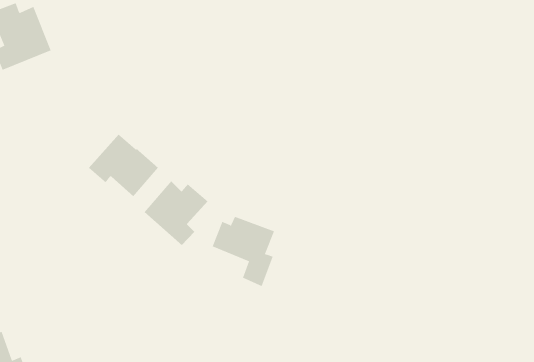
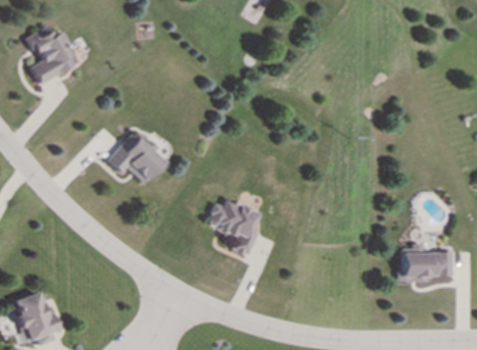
building: [144,181,208,246] -> none
building: none -> [398,245,452,283]

